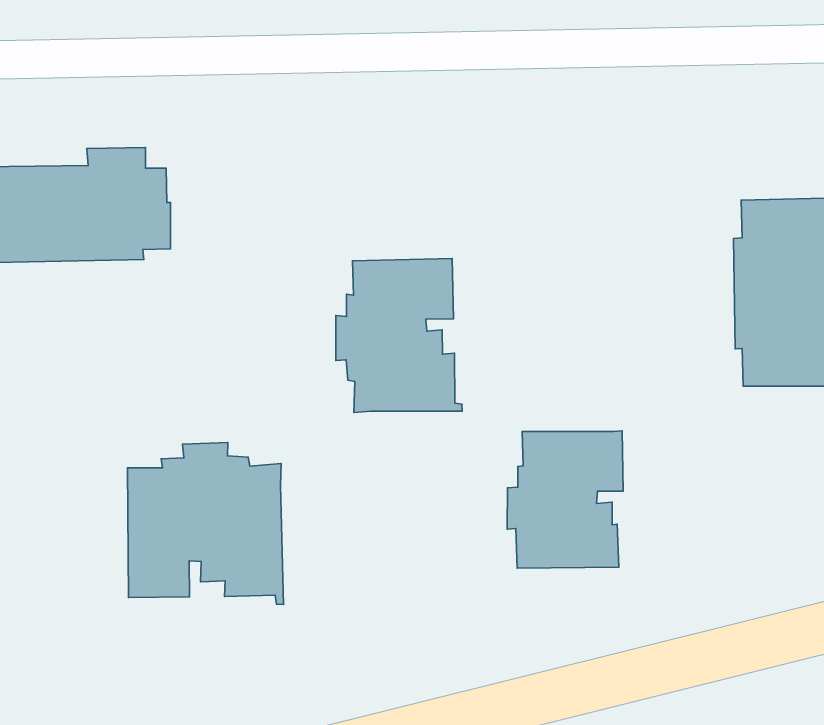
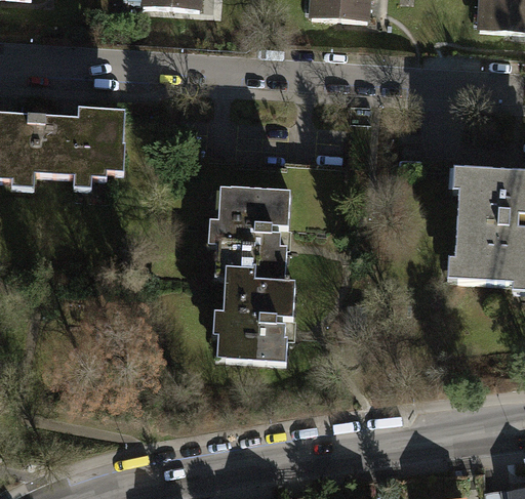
building: [507,431,623,568] -> [221,278,294,363]
building: [128,443,284,604] -> none

